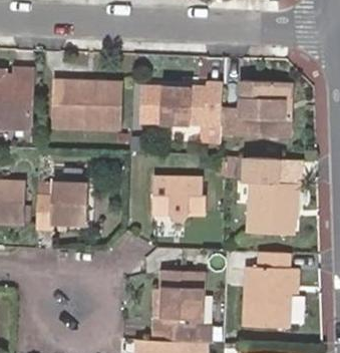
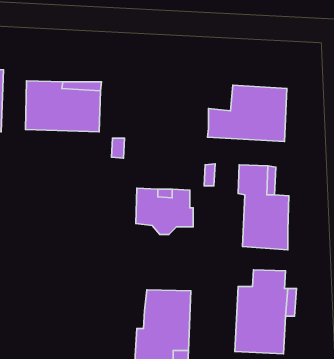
building: [141,80,220,123] -> none
building: [33,183,86,229] -> none

